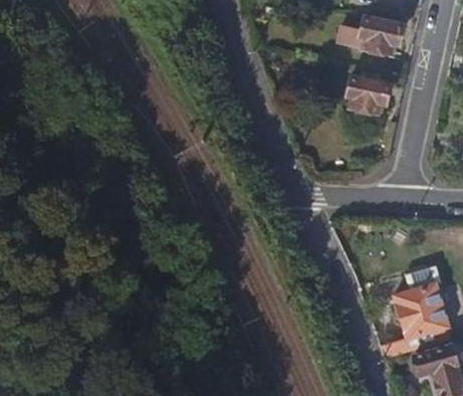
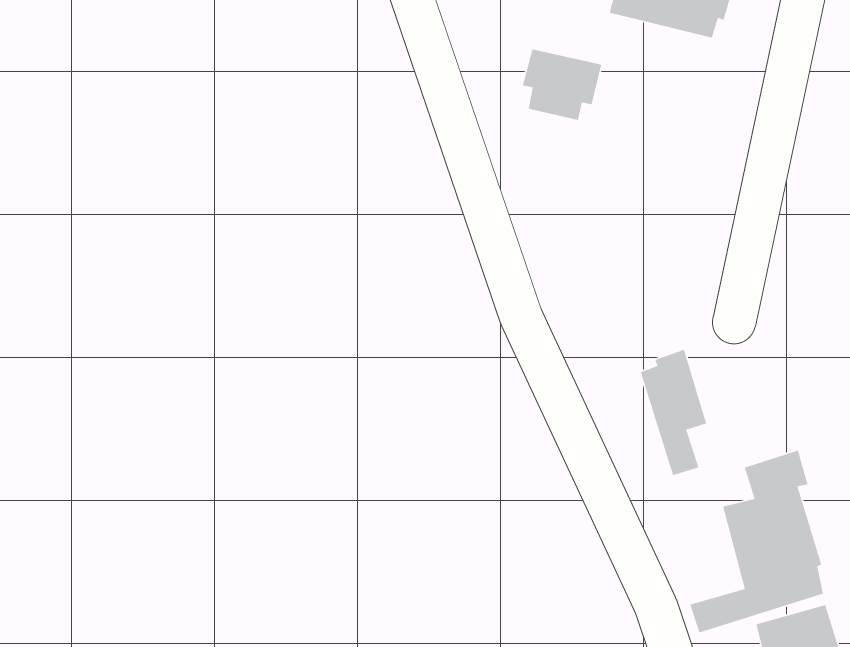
building: [348,76,389,114] -> [522,49,602,121]
building: none -> [640,349,707,476]

